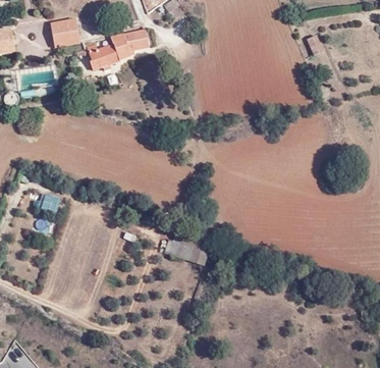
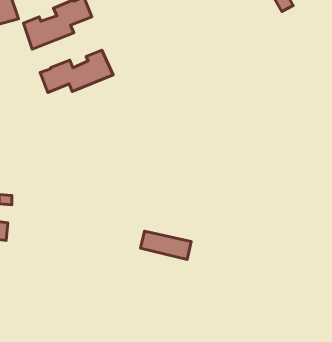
building: none -> [40,50,113,92]

